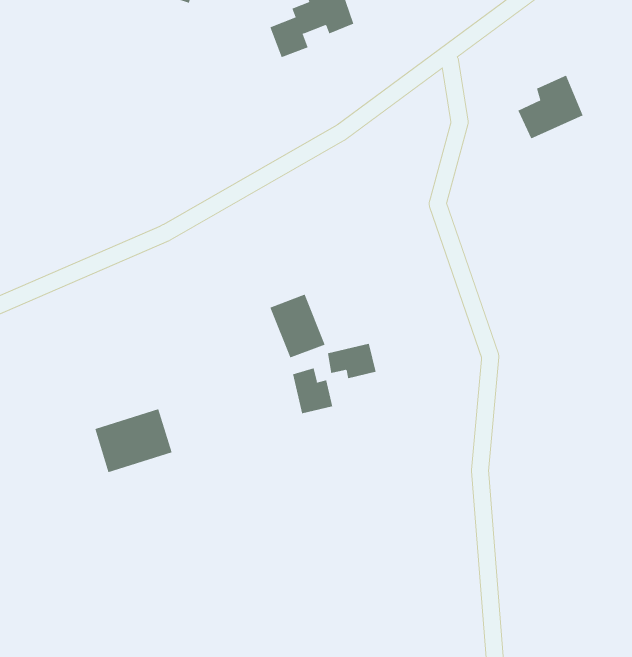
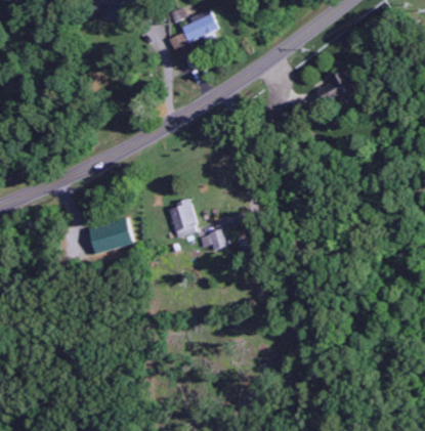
building: [292,367,333,414] -> none
building: [94,408,173,473] -> [87,216,134,255]

